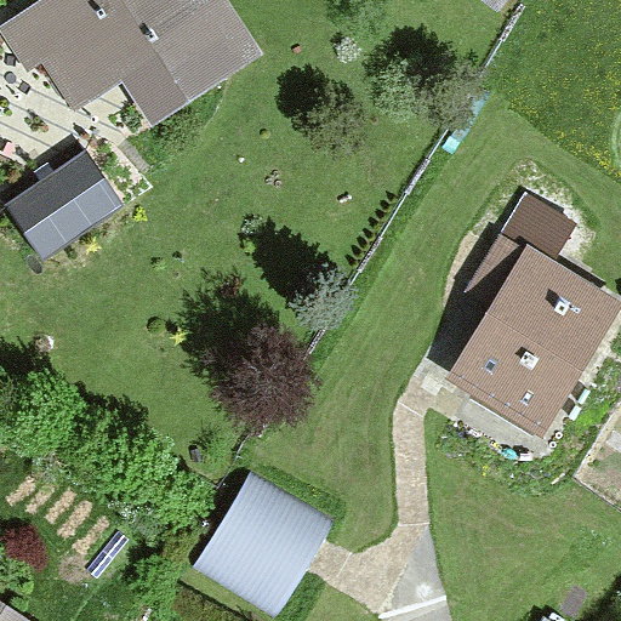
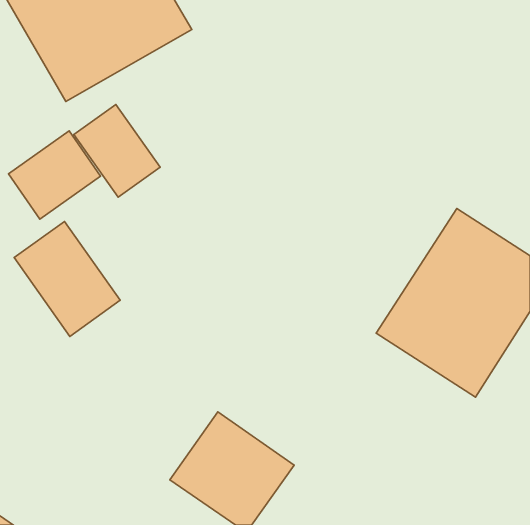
building: none -> [74,104,160,197]
building: none -> [14,221,120,336]

